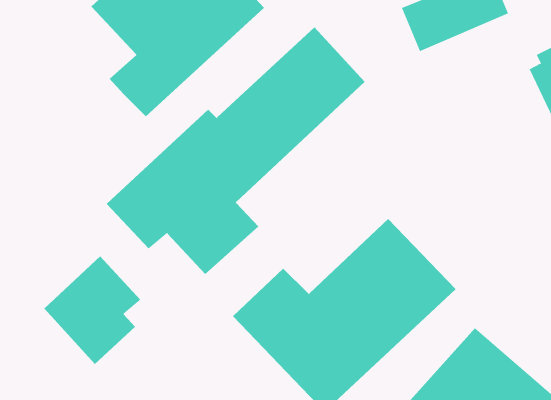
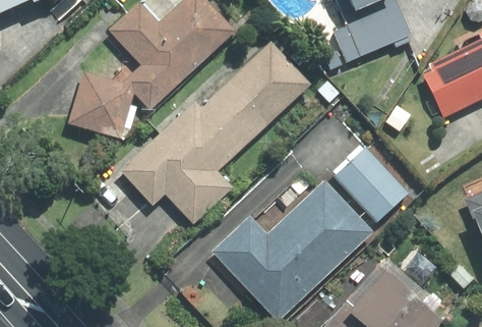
building: none -> [68,70,134,138]
building: none -> [337,148,408,220]
building: [43,256,141,365] -> none

